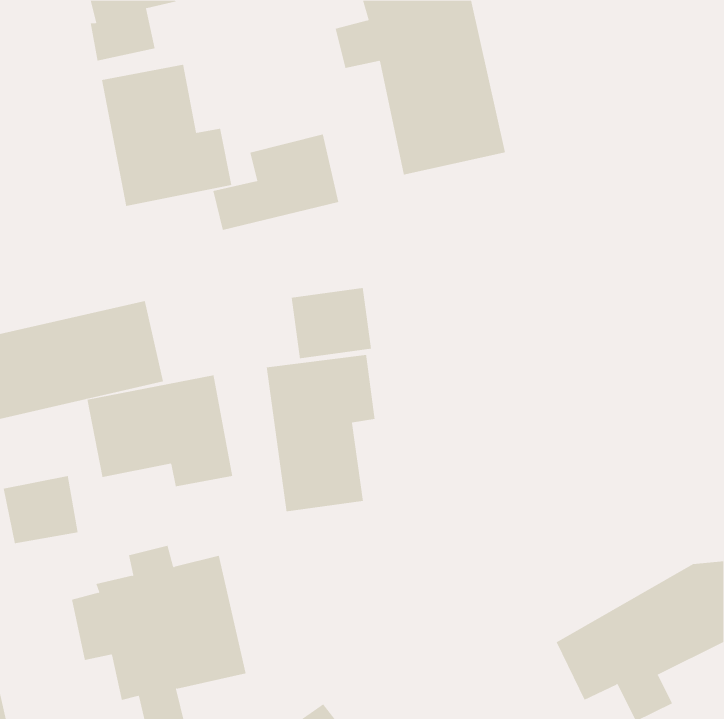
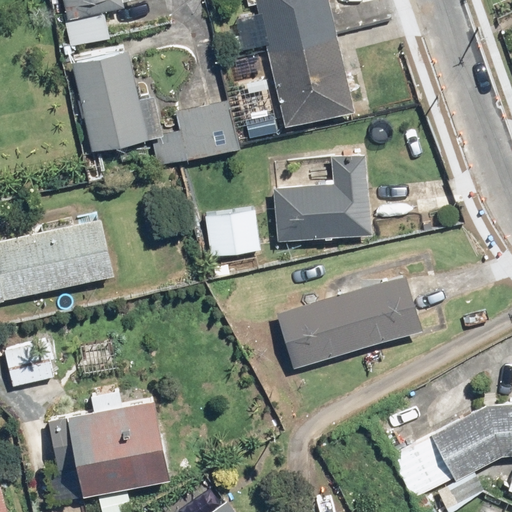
building: none -> [273,151,371,241]
building: [266,354,375,512] -> none
building: [87,374,233,487] -> none
building: none -> [276,275,422,367]

